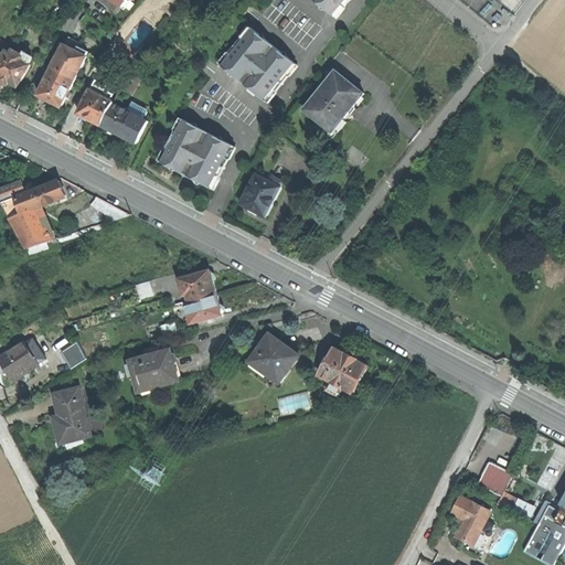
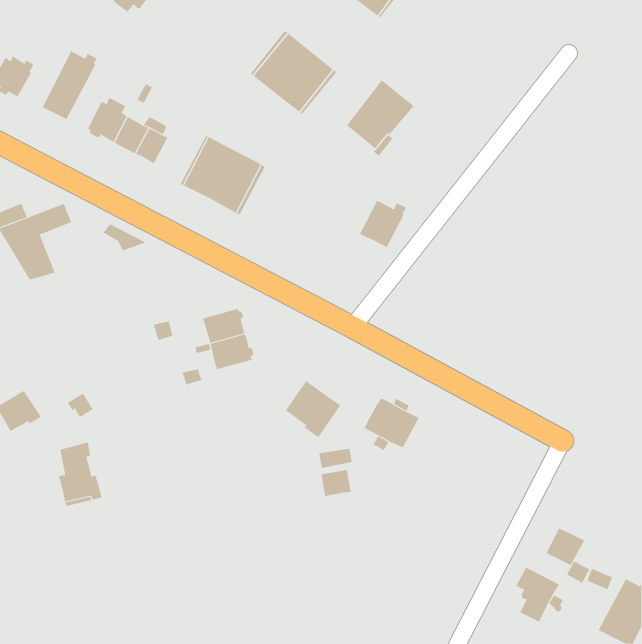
building: [238,173,280,215] -> [359,200,407,248]
building: [124,344,177,392] -> none
building: none -> [321,469,351,497]

